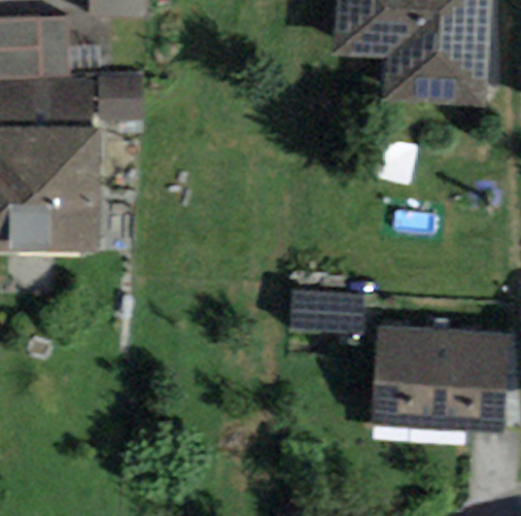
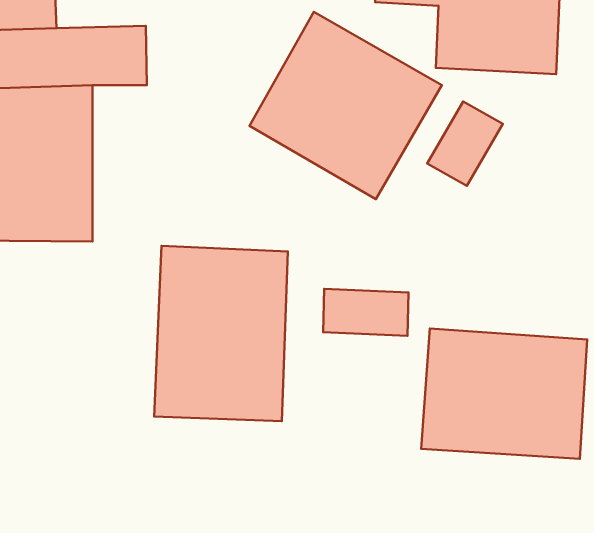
building: none -> [250,12,442,199]
building: none -> [154,246,288,421]

